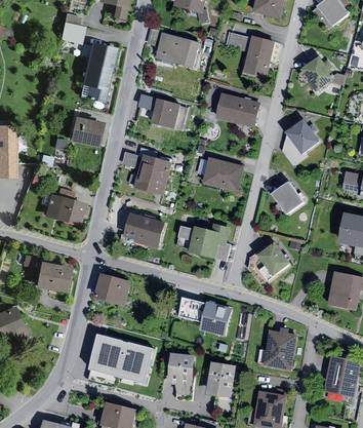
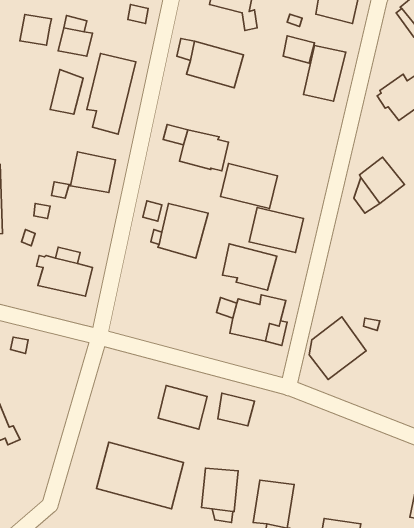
building: none -> [20,15,52,45]
building: none -> [50,69,83,114]
building: [216,92,259,126] -> [220,164,278,209]
building: [272,181,304,215] -> none
building: [124,212,165,247] -> [222,244,277,290]
building: [35,261,72,294] -> none
building: [94,272,131,305] -> [158,386,207,429]
building: [200,301,234,337] -> none
building: [264,327,297,369] -> none

